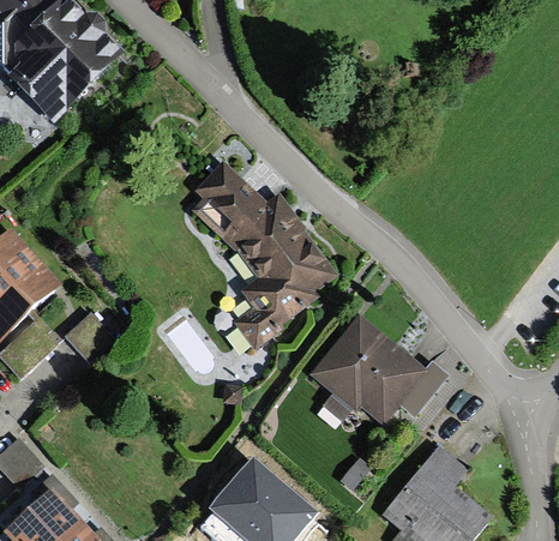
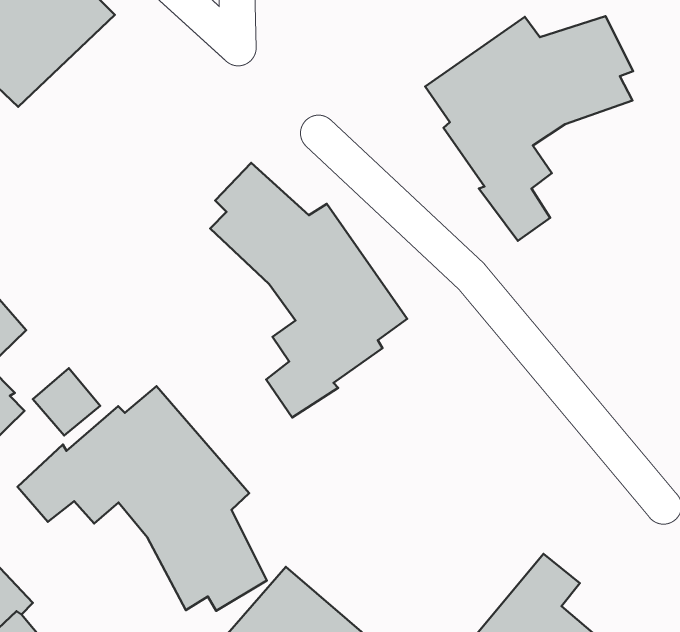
building: none -> [425,16,633,241]
building: [311,315,446,425] -> none
building: none -> [17,386,267,611]

